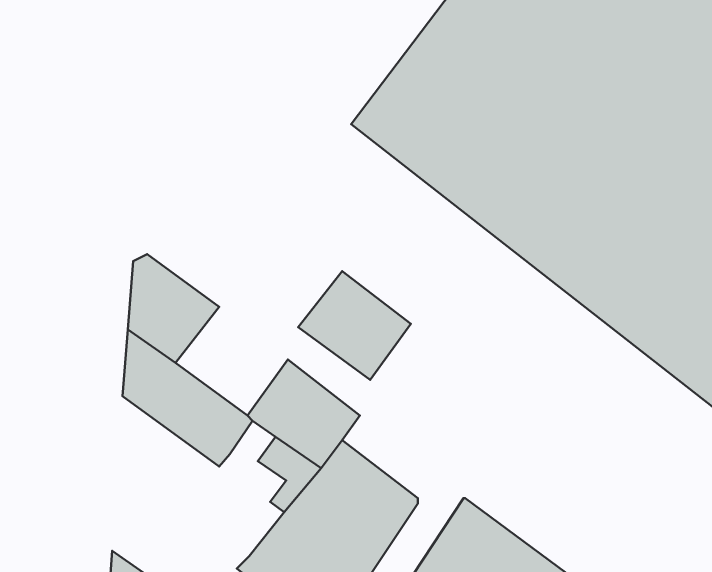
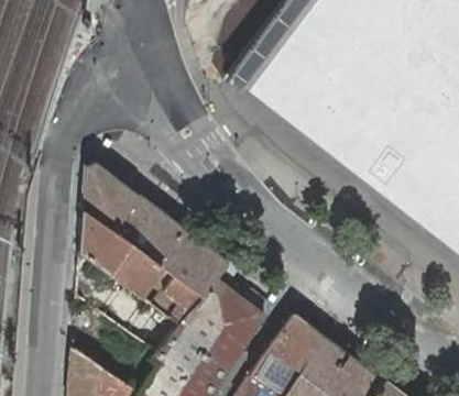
building: [298,271,411,380] -> [116,194,186,262]

